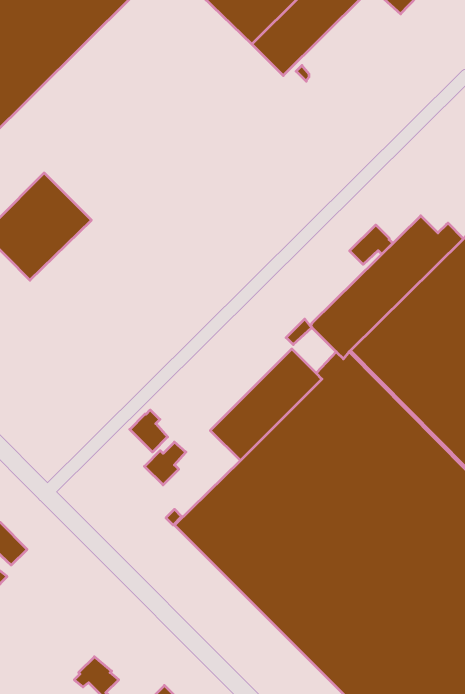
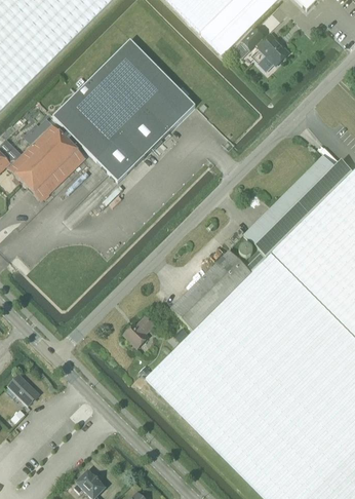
building: none -> [240,29,288,70]
building: none -> [52,40,195,183]
building: [350,225,393,264] -> none
building: [130,410,168,452] -> none

